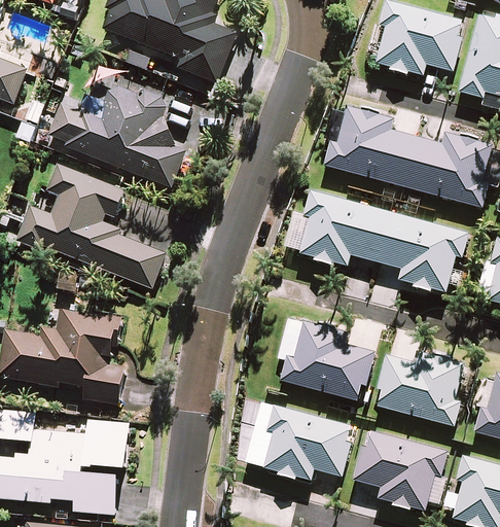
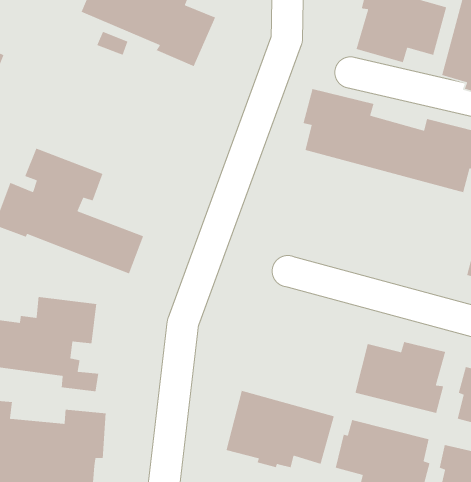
building: [48,84,181,187] -> none
building: [284,190,470,294] -> none
building: [278,317,371,399] -> none

